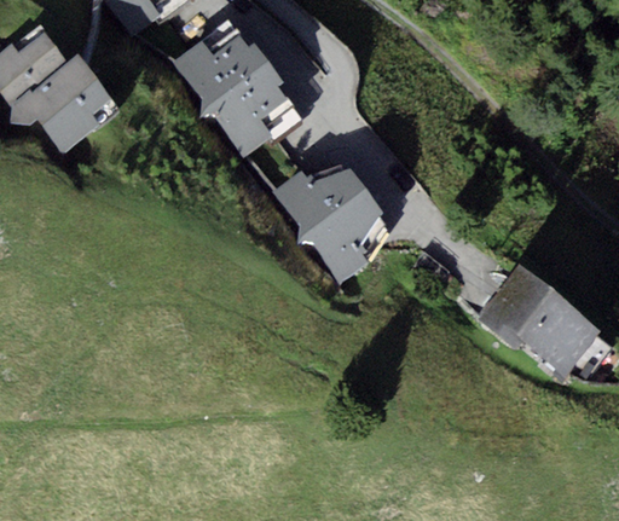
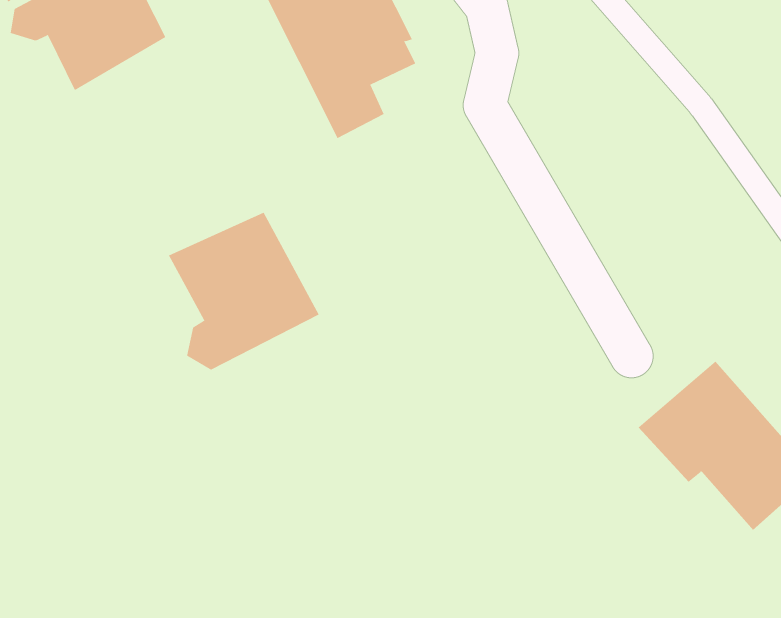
building: [273,167,383,283] -> none
building: none -> [168,212,319,371]

